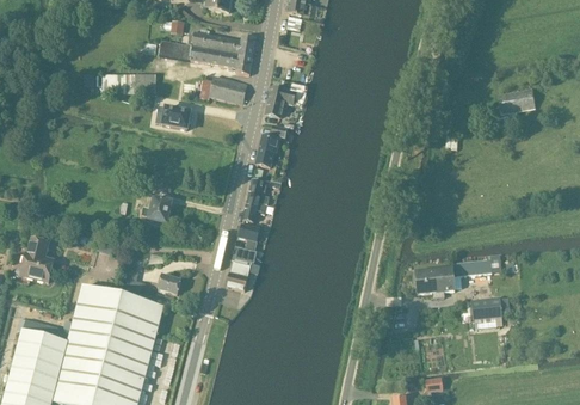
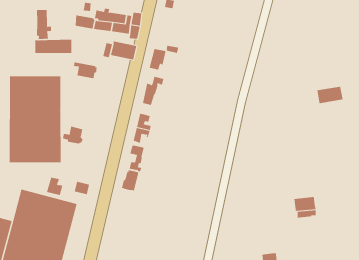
building: none -> [37,9,52,40]
building: [496,87,535,112] -> [316,86,343,104]
building: none -> [9,76,61,163]
building: [414,259,490,293] -> none

